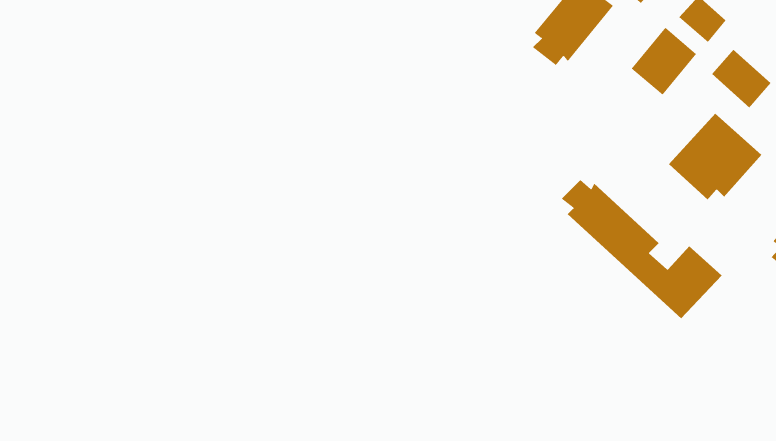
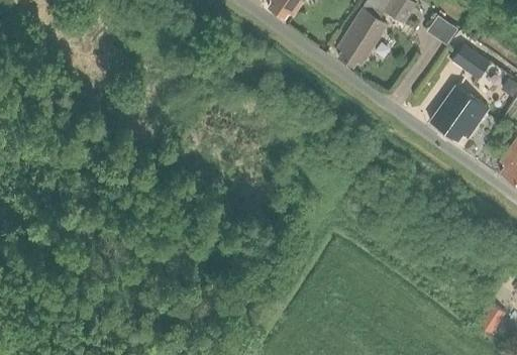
building: [631,27,697,96] -> none
building: [561,179,723,319] -> none

